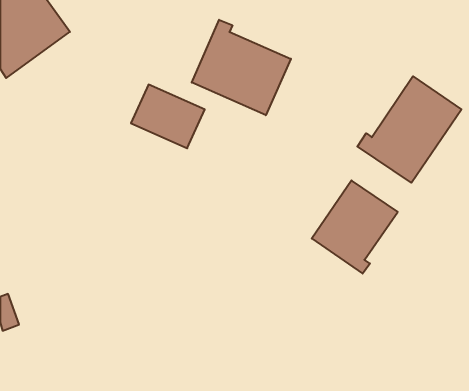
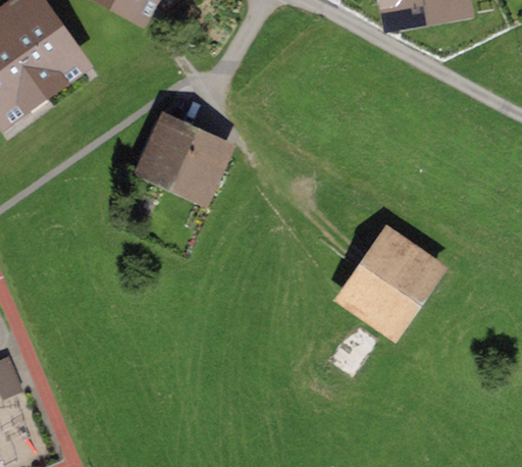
building: [192,20,291,115] -> none
building: [357,76,461,183] -> none

